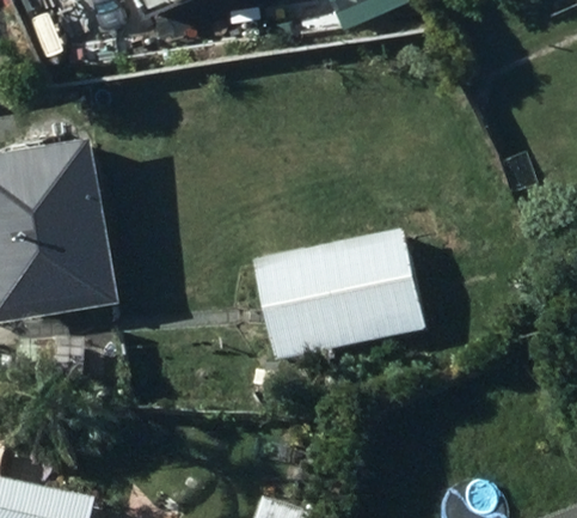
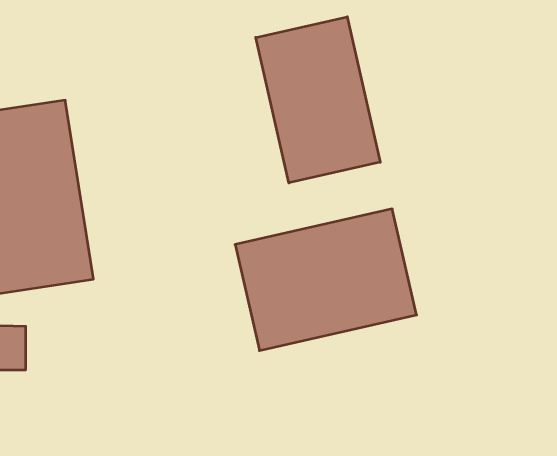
building: none -> [256,17,380,183]

